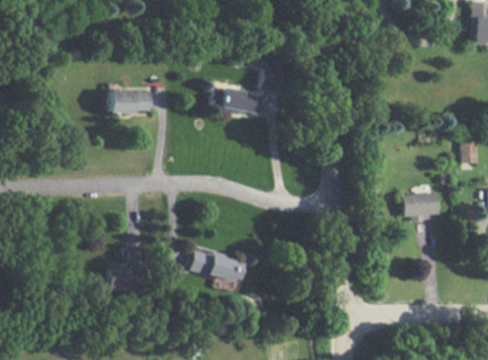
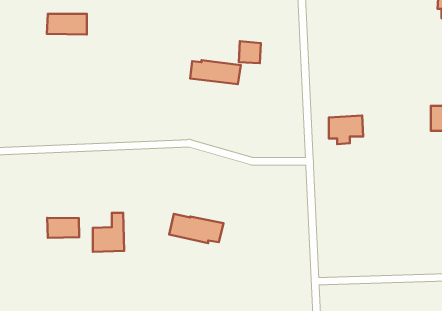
building: [109,91,151,113] -> [47,14,87,35]
building: [403,193,439,223] -> [329,116,363,144]
building: none -> [47,218,79,238]

